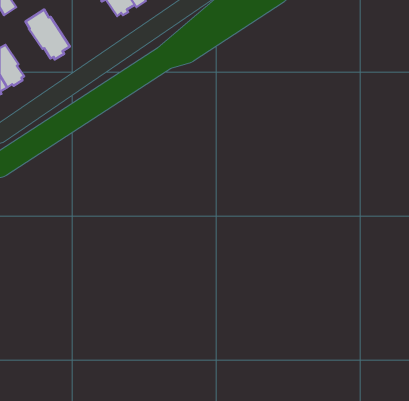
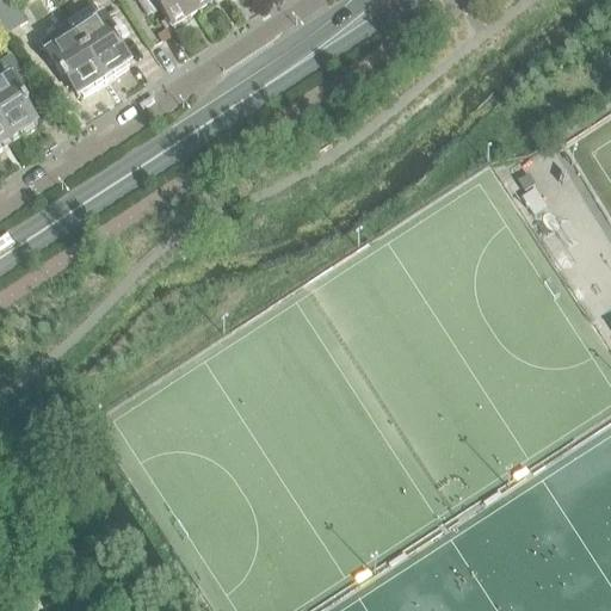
building: none -> [75,6,129,69]

